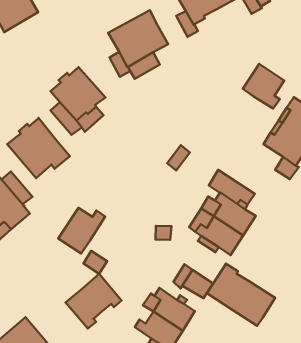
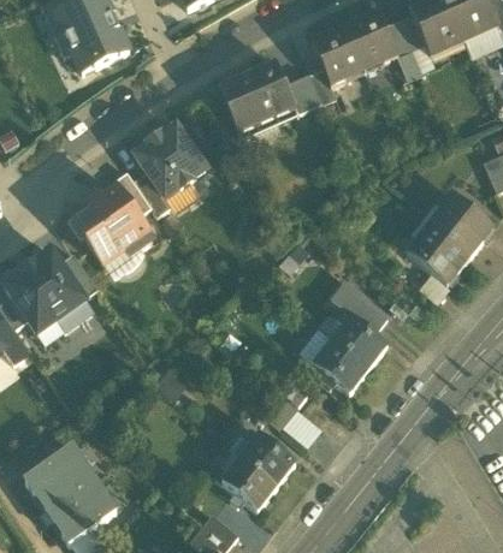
building: none -> [284,73,321,114]
building: [243,64,284,109] -> none
building: none -> [111,172,152,219]
building: [58,208,105,254] -> none
building: [207,264,275,326] -> none
building: [65,274,121,328] -> none

